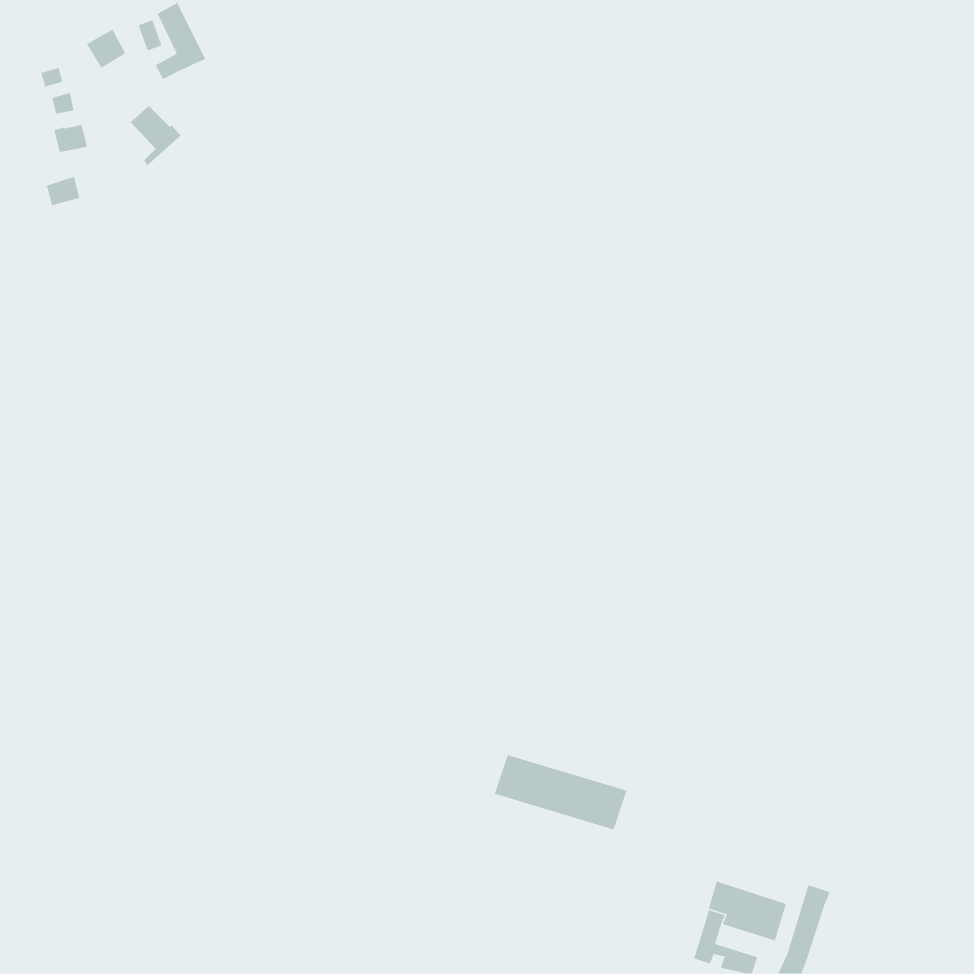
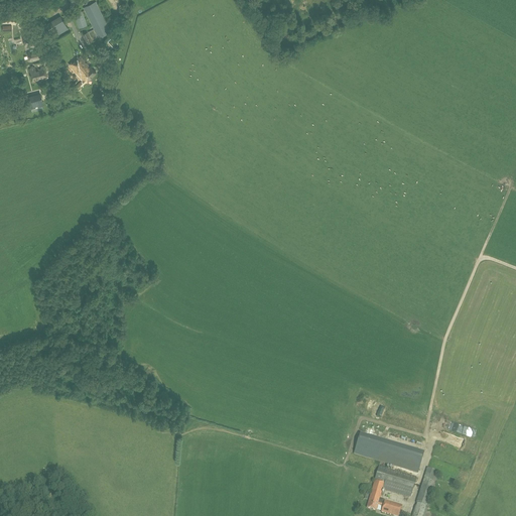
building: [494,754,627,830] -> [353,432,423,473]

